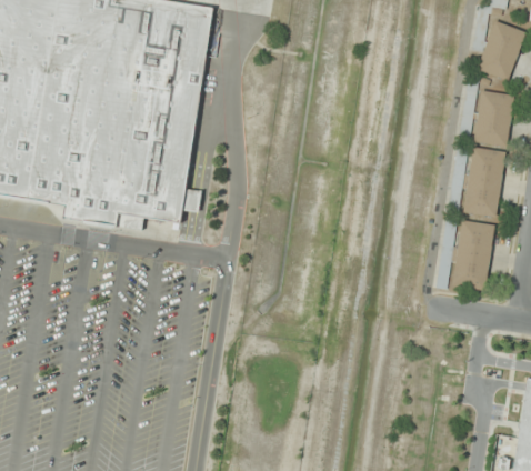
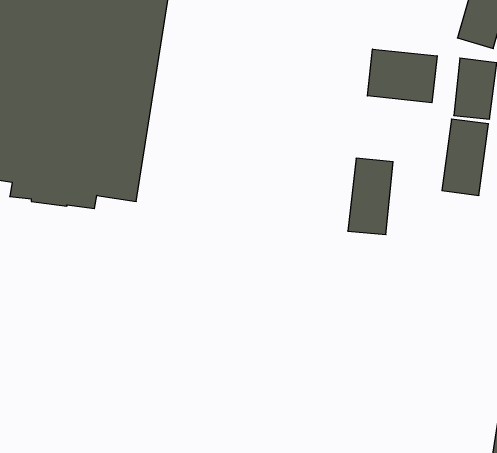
building: none -> [367,49,437,103]
building: [452,220,494,291] -> [348,158,393,235]

